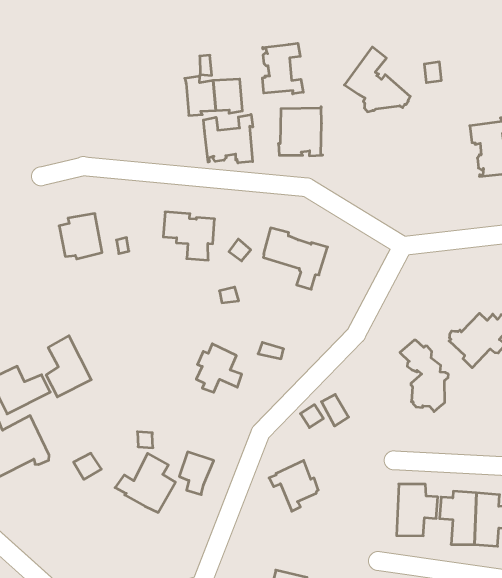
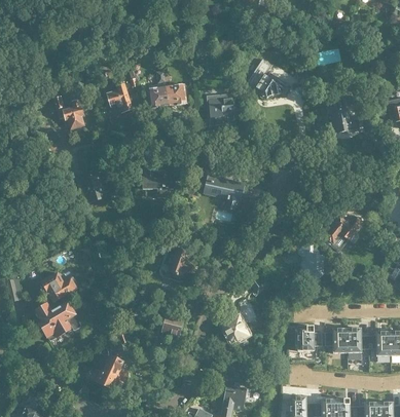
building: [262,43,303,94] -> none
building: none -> [107,82,133,112]
building: none -> [53,97,84,129]
building: [203,114,253,163] -> none
building: [46,336,91,397] -> none
building: [115,453,175,512] -> [92,355,129,391]

